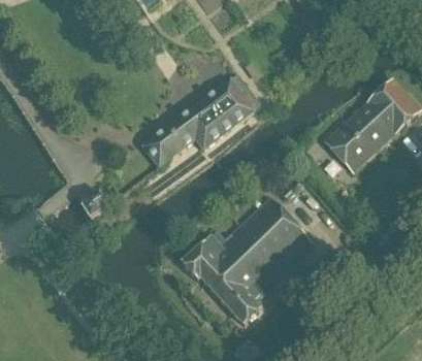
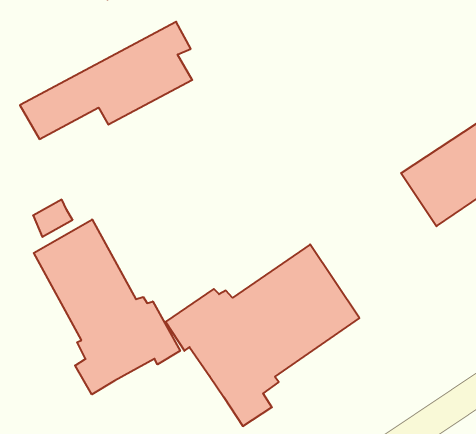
building: [142,73,255,165] -> [20,22,192,139]
building: none -> [34,219,180,394]

